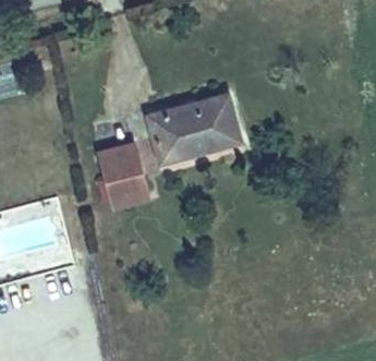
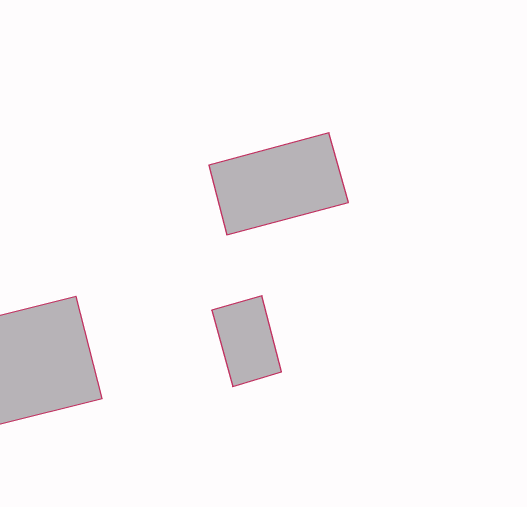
building: [97,142,144,203] -> [212,296,281,387]

